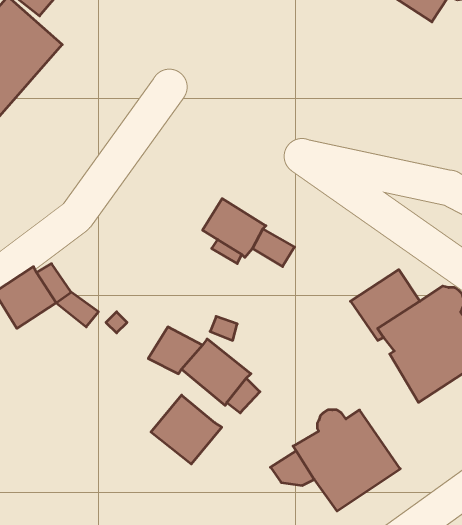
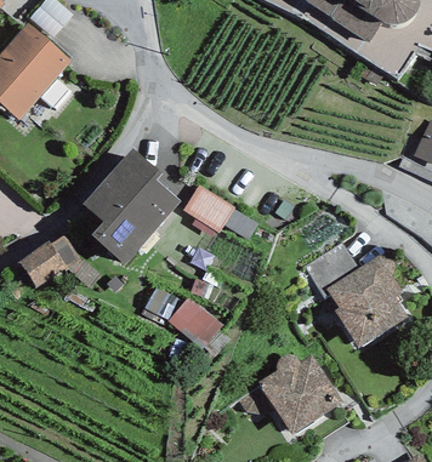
building: none -> [81,148,180,264]
building: [151,395,222,464] -> none

